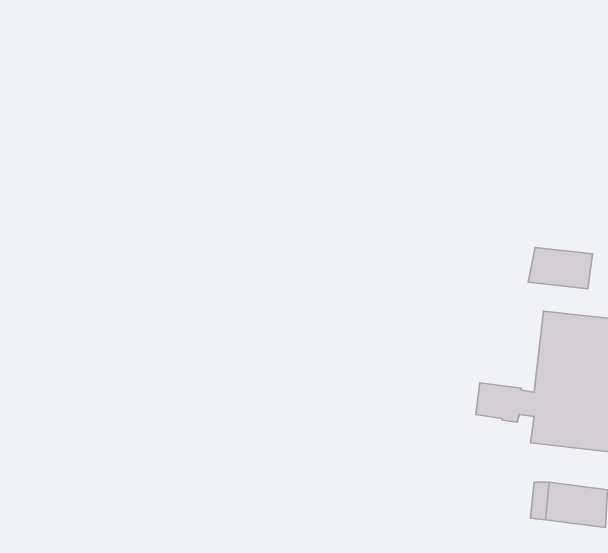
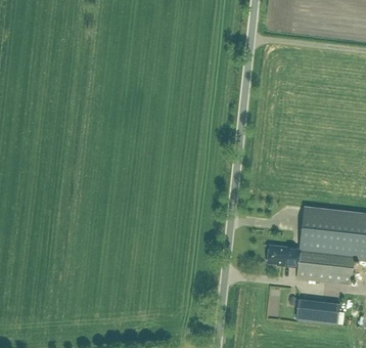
building: [528,247,593,289] -> none

